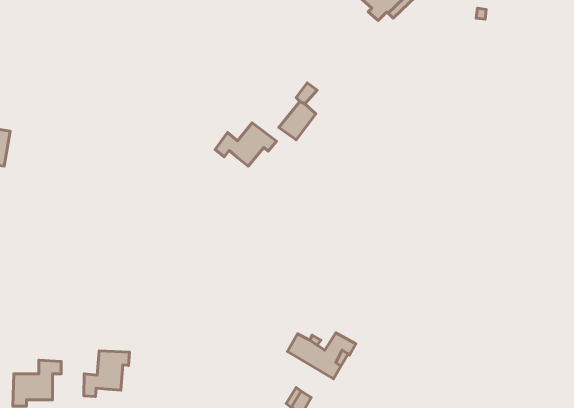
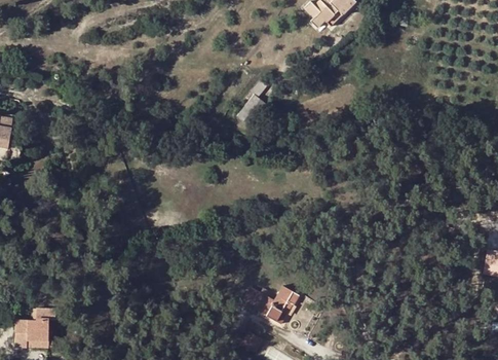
building: [215,123,276,166] -> none
building: [84,351,130,397] -> none

